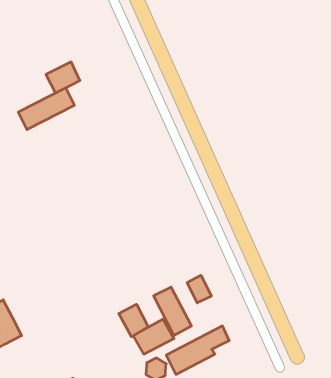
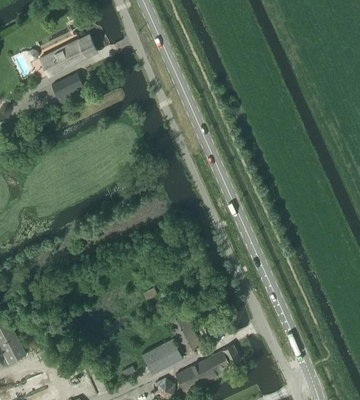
building: [18,88,74,130] -> [39,33,97,76]
building: [187,275,211,303] -> none
building: [119,304,148,337] -> none

